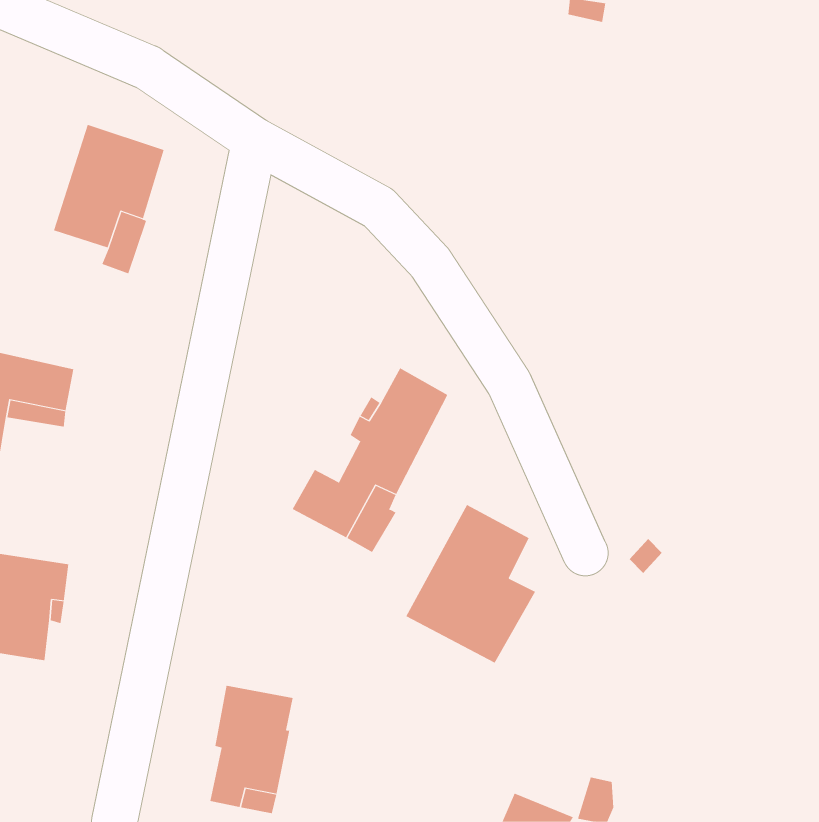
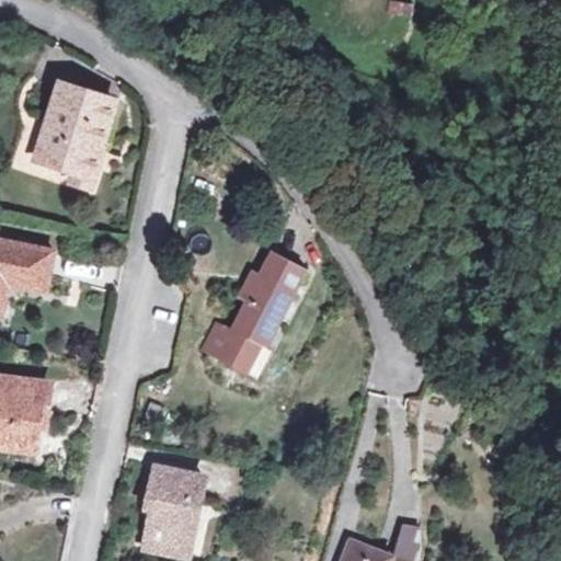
building: [406,504,536,664] -> none

